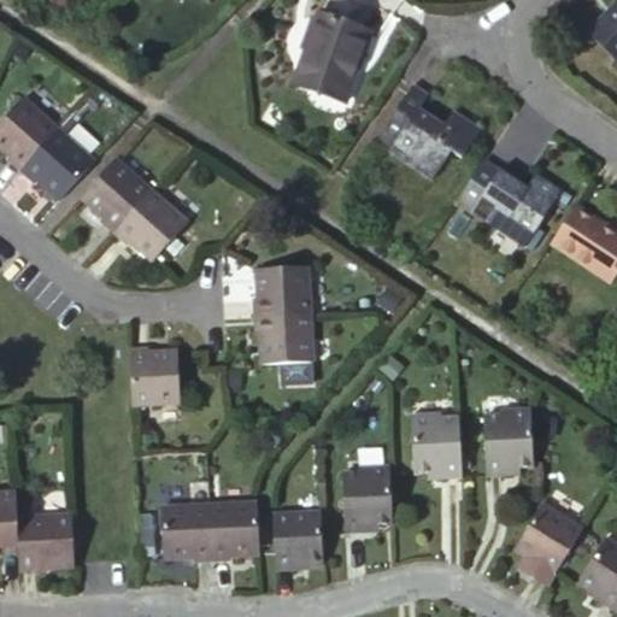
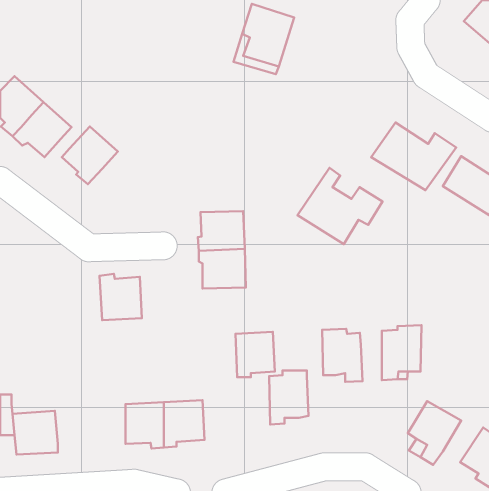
building: [374,84,480,180] -> [298,168,383,244]
building: [114,192,189,262] -> none
building: [271,515,321,571] -> [235,332,275,377]

